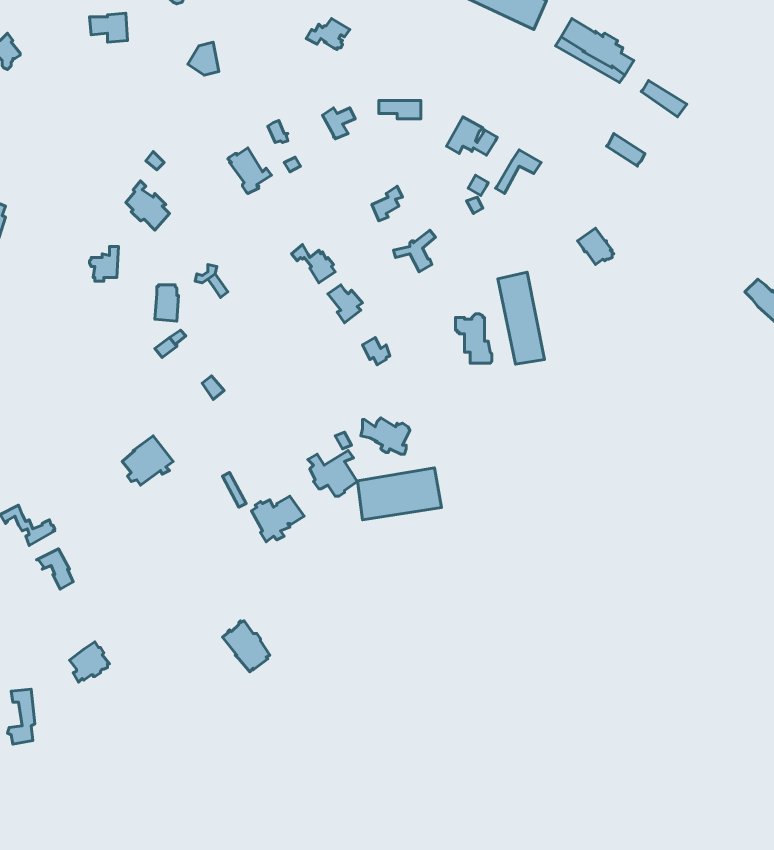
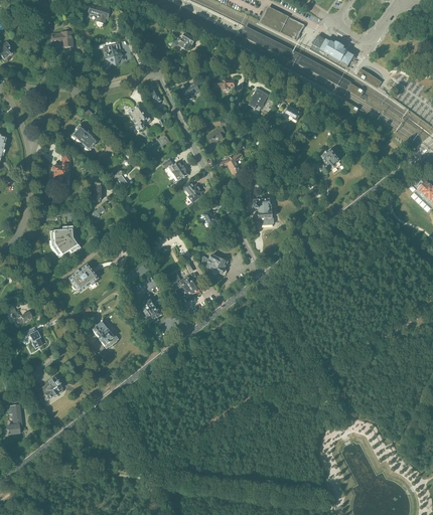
building: [498,272,545,364] -> none
building: none -> [50,225,80,255]
building: [358,468,441,520] -> none
building: [222,621,270,672] -> [92,319,118,347]

